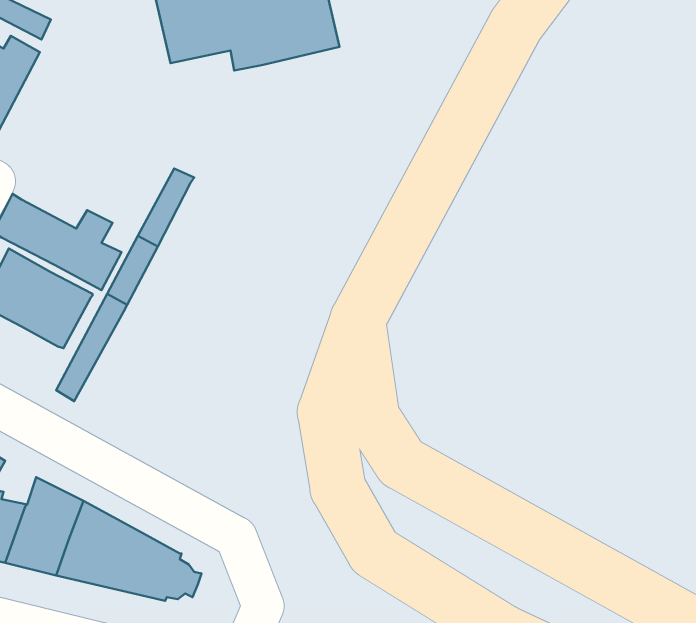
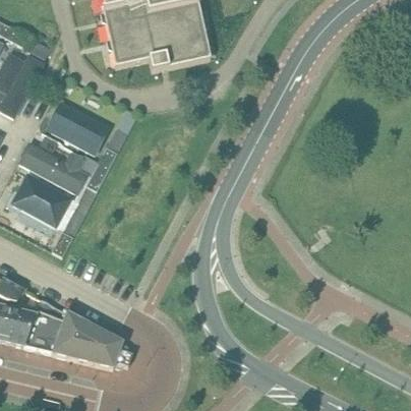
building: none -> [51,108,107,156]

